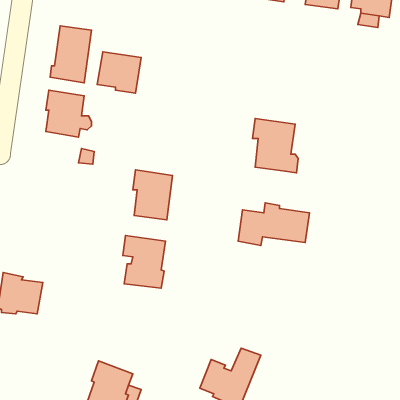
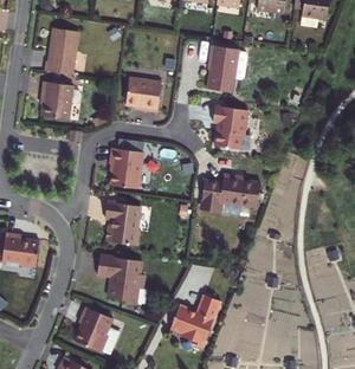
building: none -> [208,45,240,92]
building: [97,52,141,93] -> [125,78,162,112]
building: none -> [96,254,142,304]

